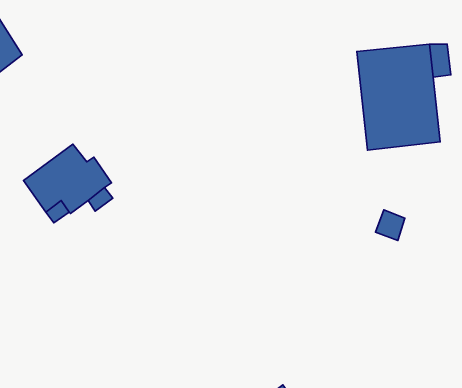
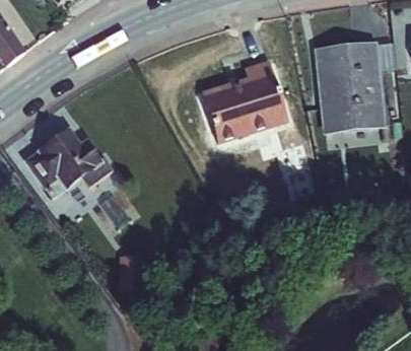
building: none -> [201,59,288,143]

